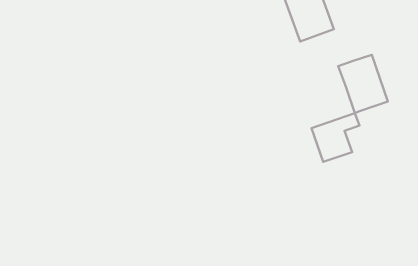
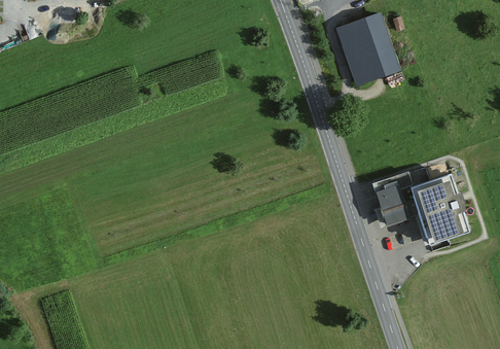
building: [338,55,388,113] -> [412,176,469,244]

